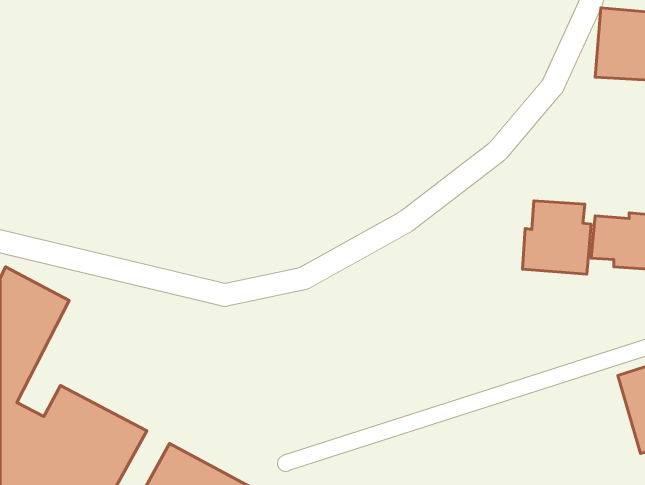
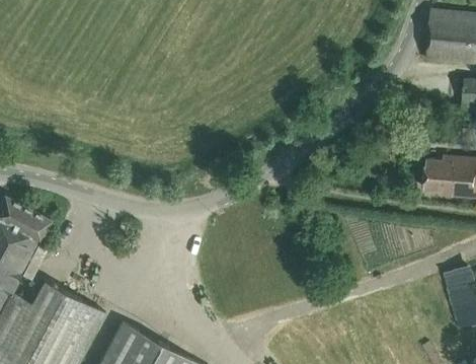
building: [522,201,591,274] -> none

